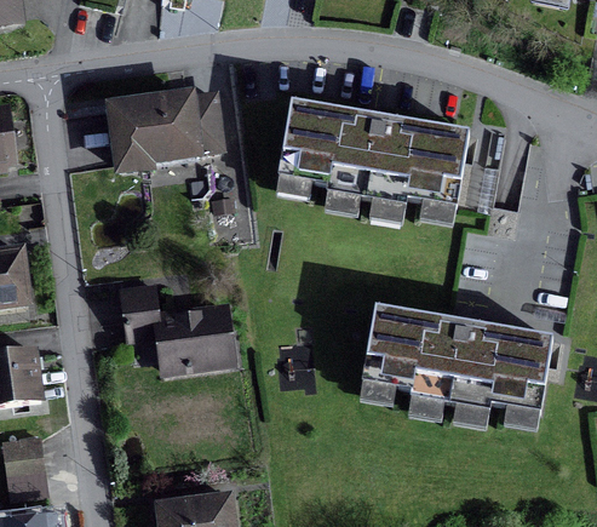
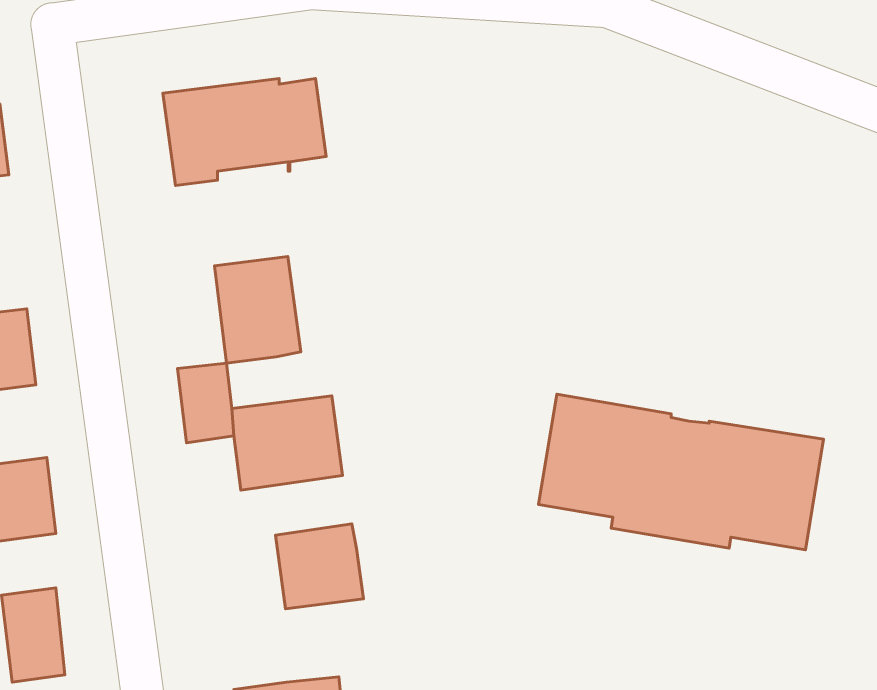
building: [277,102,467,206] -> none
building: none -> [215,256,301,363]
building: none -> [275,524,364,609]

